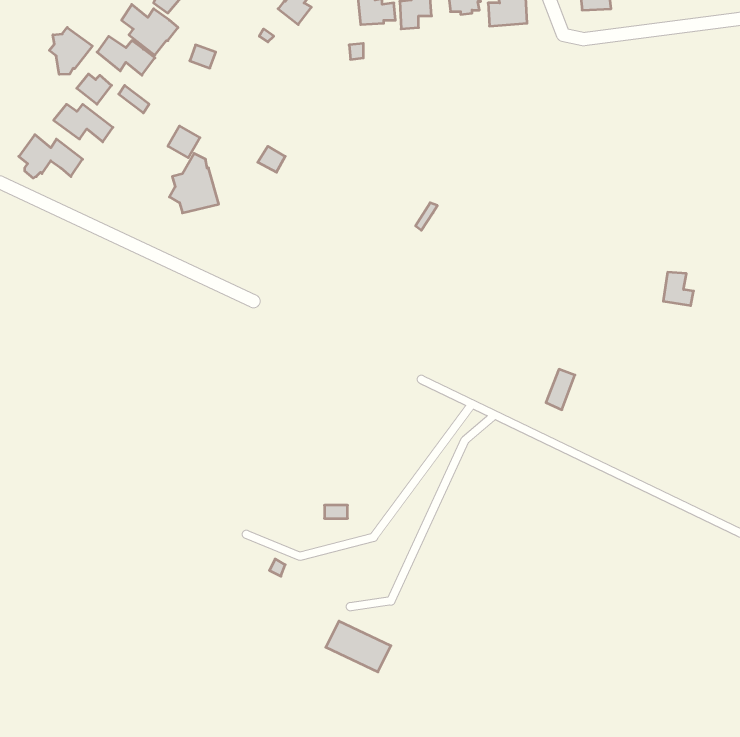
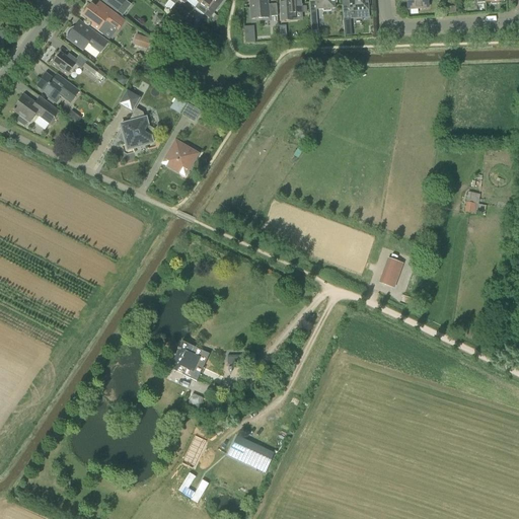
building: [49,27,92,74] -> none
building: none -> [165,140,199,172]
building: none -> [175,340,210,380]

